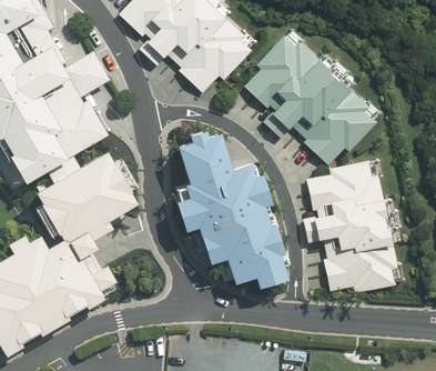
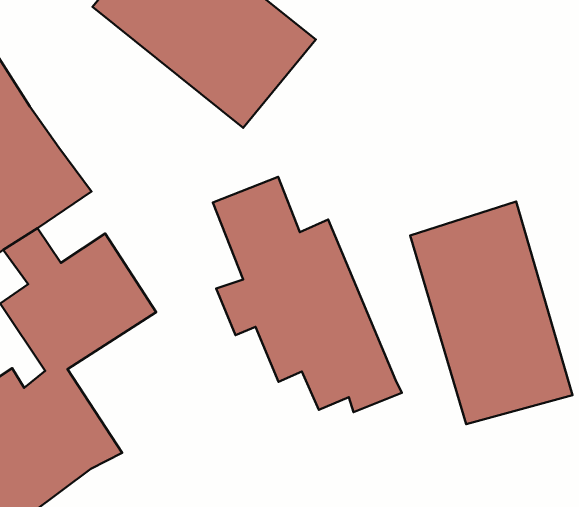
building: [241,30,378,166] -> none
building: [67,58,107,100] -> none

